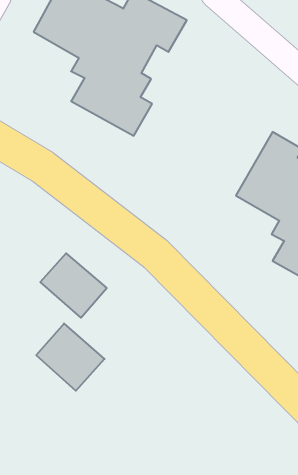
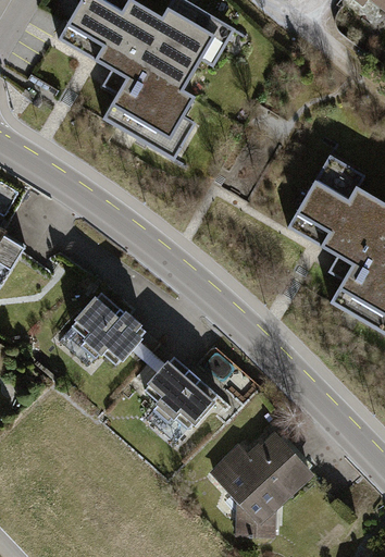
building: [36,323,105,391] -> [140,351,218,428]
building: none -> [208,430,313,539]

